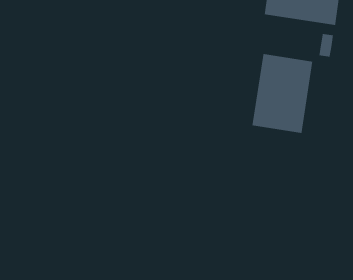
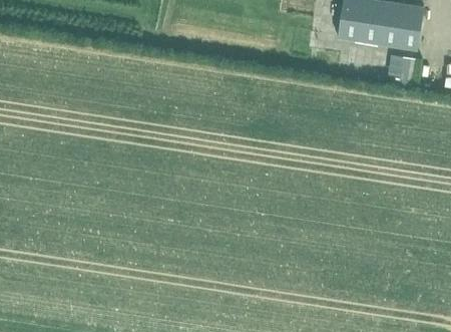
building: [252,53,313,134] -> none

